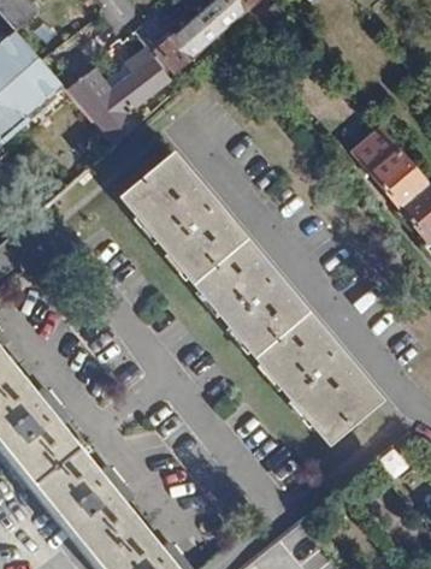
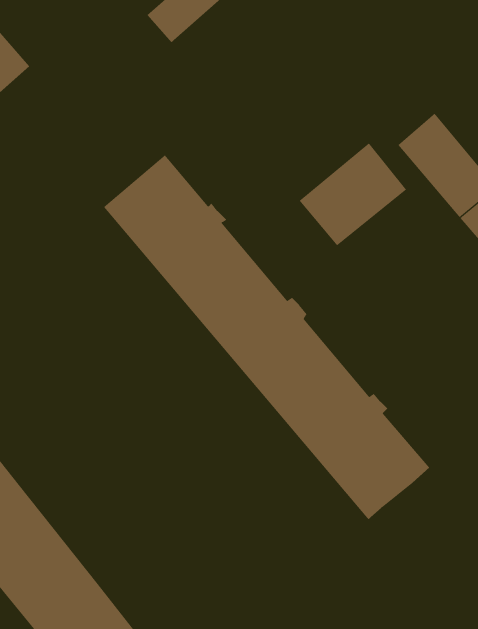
building: [66,47,169,144] -> none
building: none -> [299,142,407,246]

